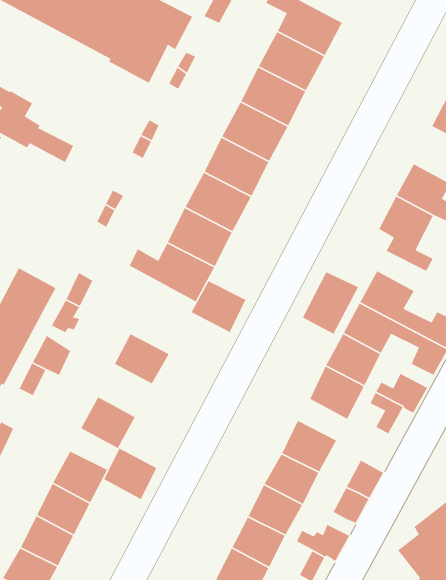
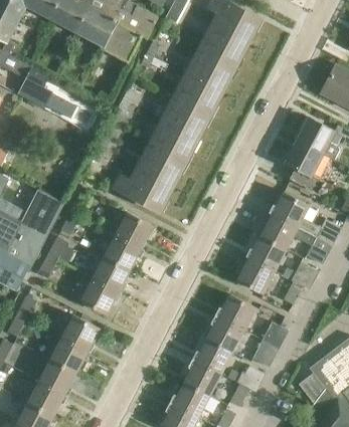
building: [302,271,359,335] -> none
building: [191,280,246,333] -> [114,212,152,248]
building: [103,447,157,500] -> [92,255,129,291]

